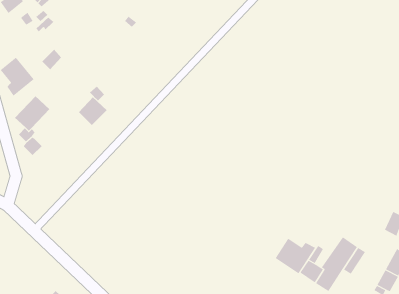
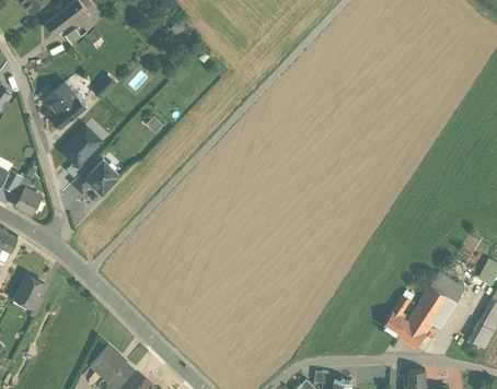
building: [78,97,107,126] -> [86,160,119,192]
building: none -> [430,272,464,303]
building: [275,238,316,274] -> none

